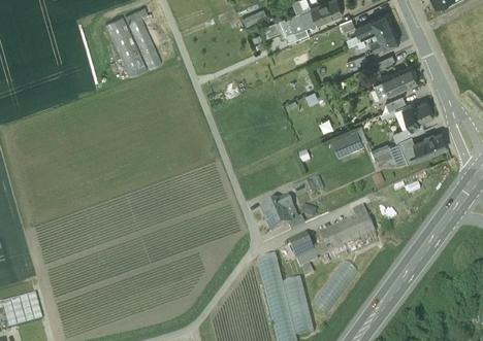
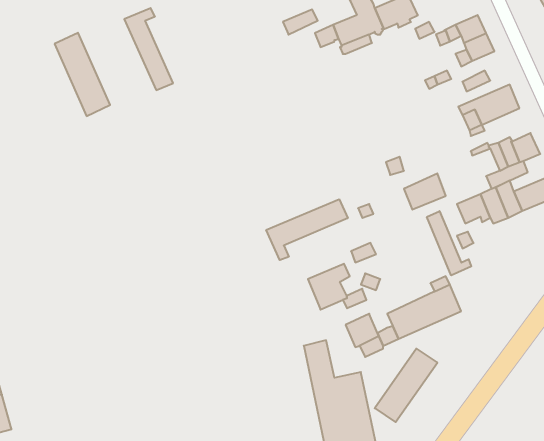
building: [104,15,146,77] -> [55,33,110,116]
building: none -> [266,199,348,260]
building: none -> [427,211,471,275]

